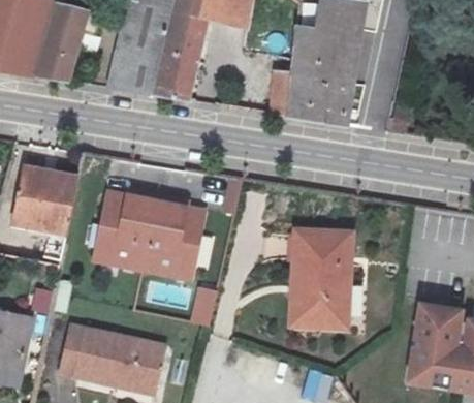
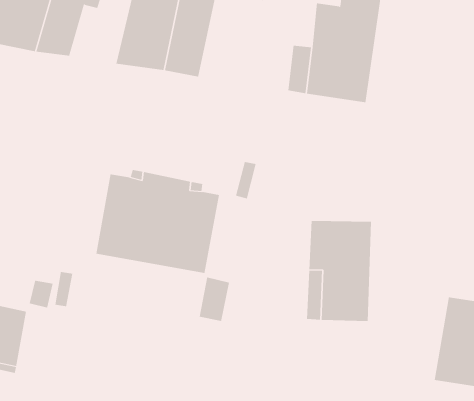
building: [13,165,78,234] -> none
building: [56,326,161,388] -> none

